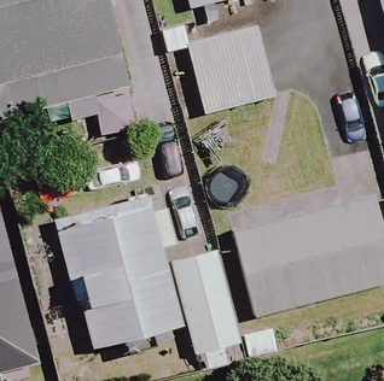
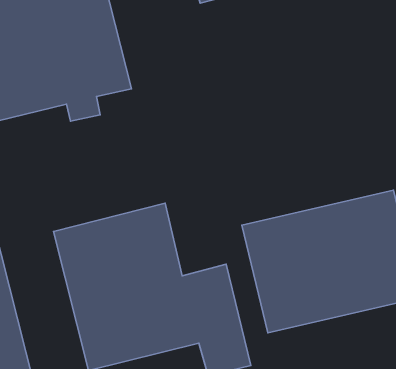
building: [186,25,277,116] -> none

